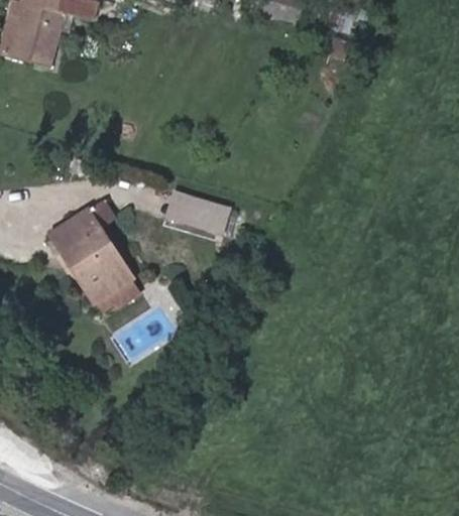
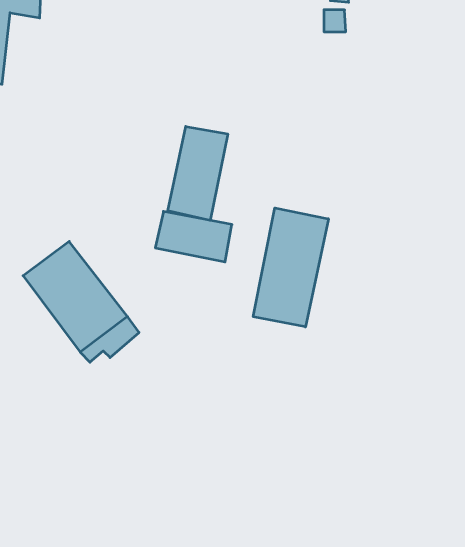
building: none -> [168,126,228,220]
building: none -> [253,208,328,327]

